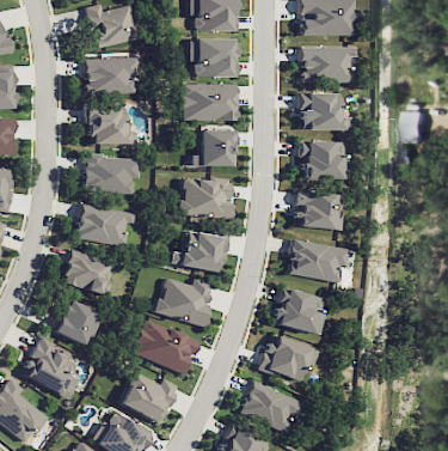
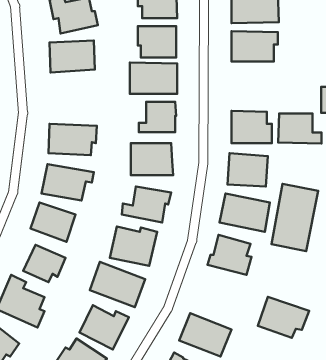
building: [299,93,350,129] -> [278,113,321,144]
building: [86,108,136,144] -> none
building: none -> [272,184,318,251]
building: [258,333,319,382] -> [258,297,309,338]

